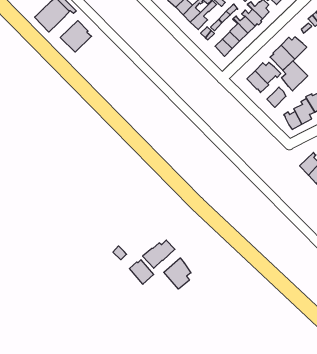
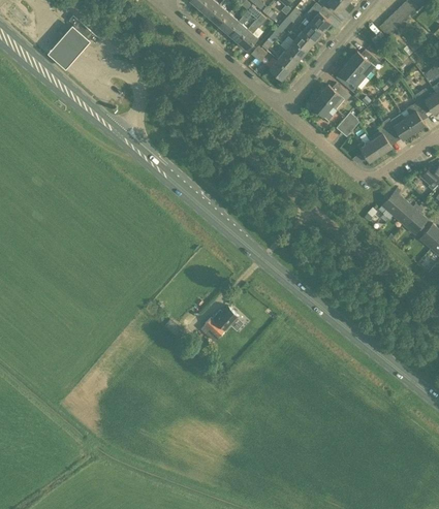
building: [60,21,92,52] -> none
building: [282,61,308,91] -> none
building: [164,258,191,289] -> none
building: [129,260,154,284] -> none

